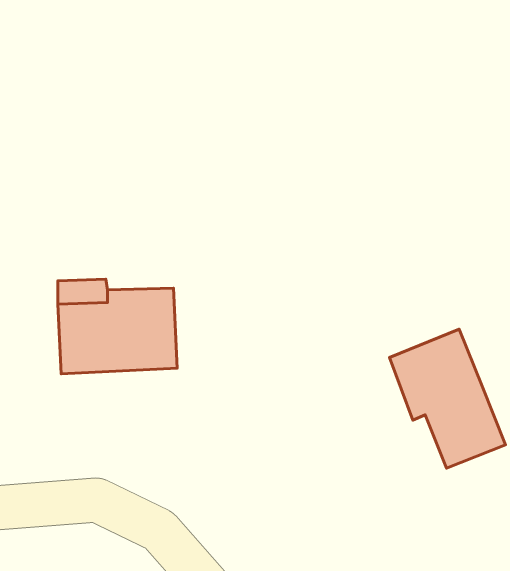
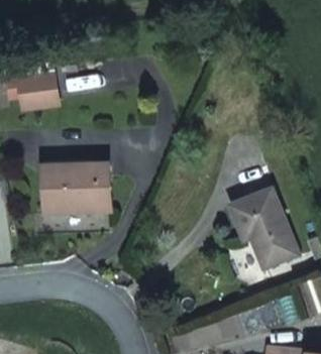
building: none -> [15,75,55,110]

